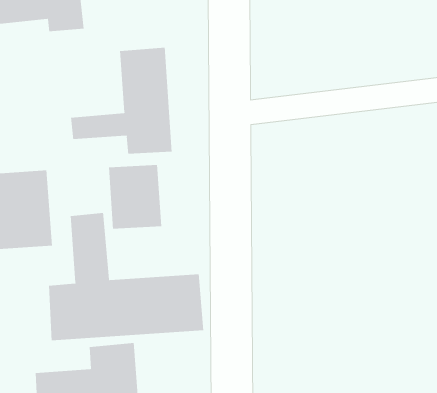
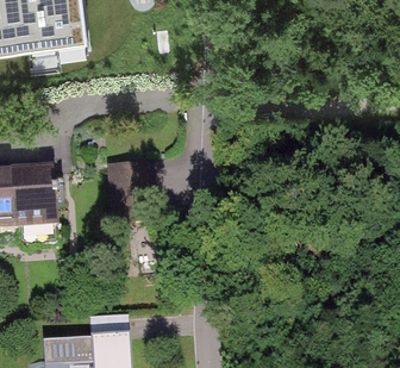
building: [71,47,172,155] -> none
building: [48,212,204,341] -> none

